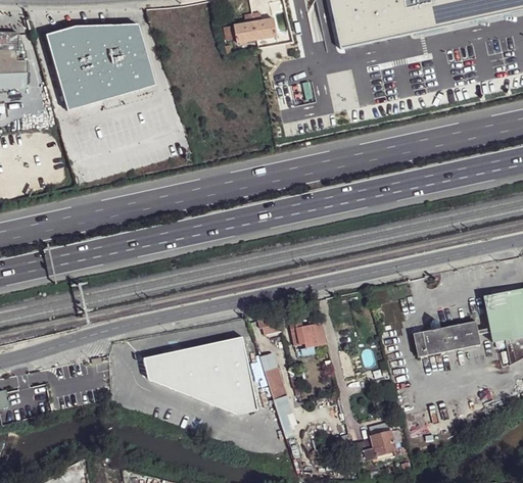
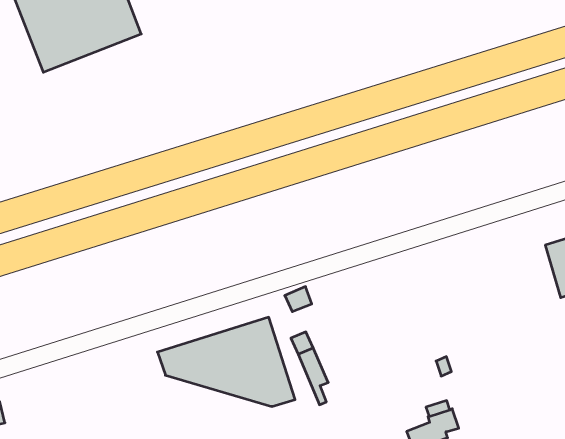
building: [414,319,481,356] -> none
building: [289,320,327,347] -> none

